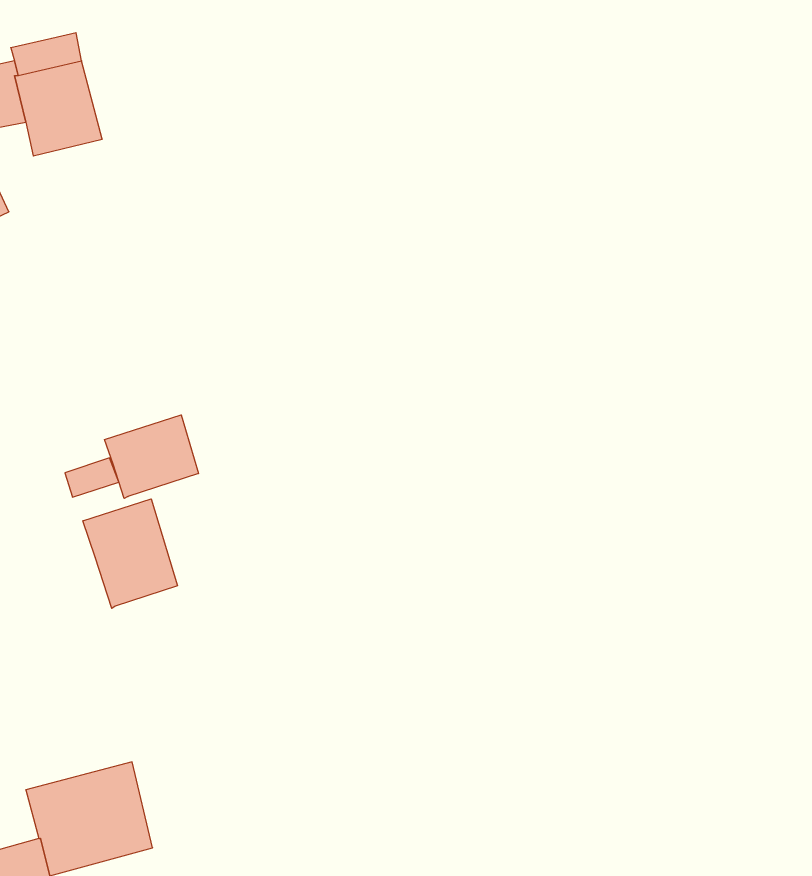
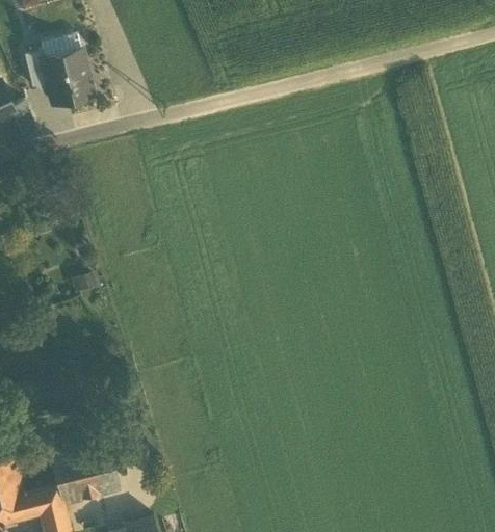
building: [104,415,198,498] -> none
building: [83,499,177,608] -> none

